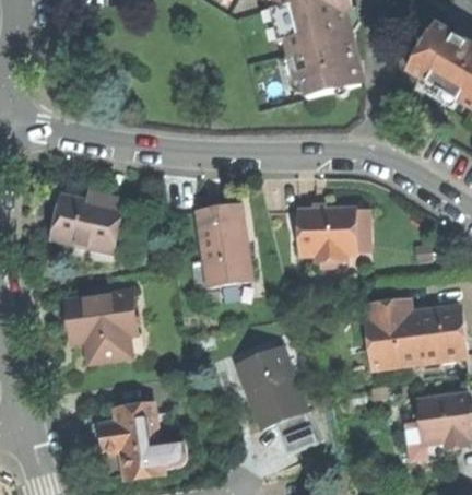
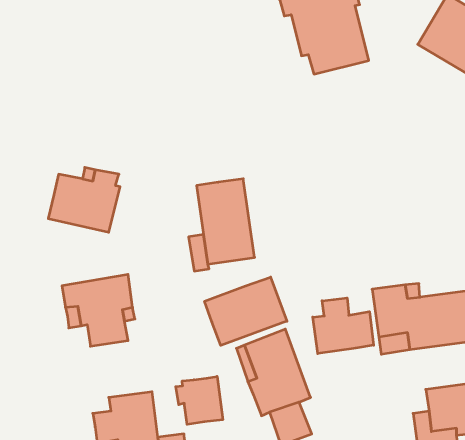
building: [300,209,354,261] -> none
building: none -> [205,277,287,345]
building: none -> [313,298,374,354]
building: none -> [176,376,223,424]

